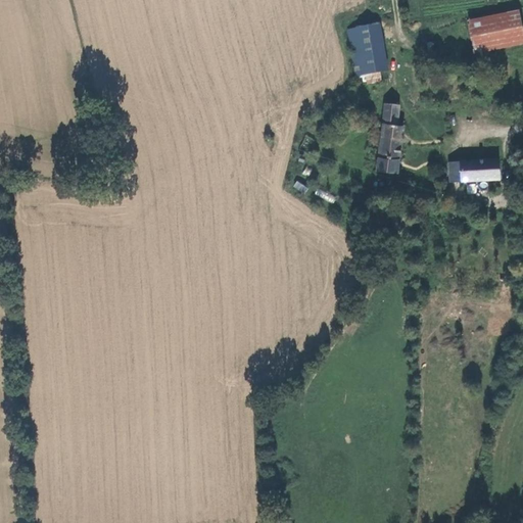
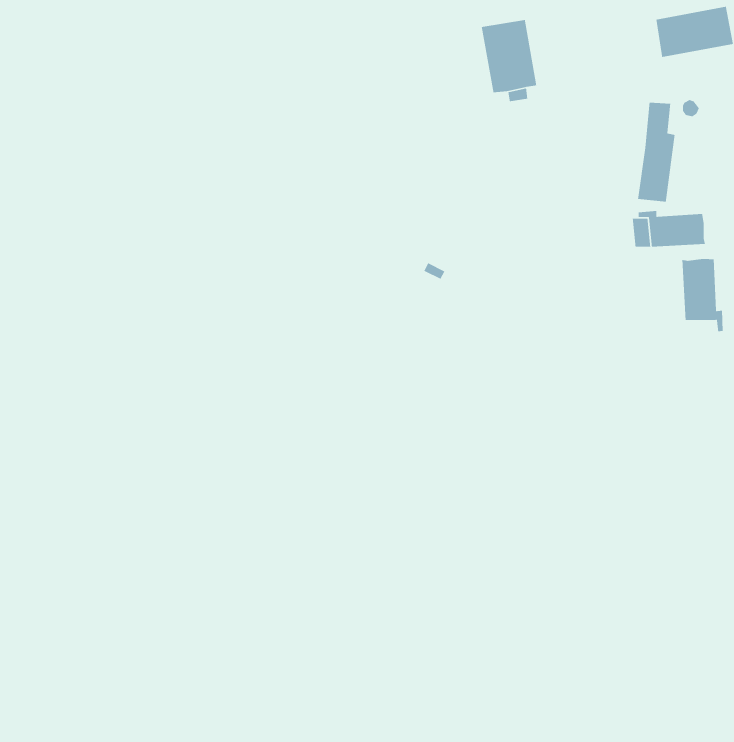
building: [378,102,405,172] -> [637,102,676,202]
building: none -> [682,258,724,332]

